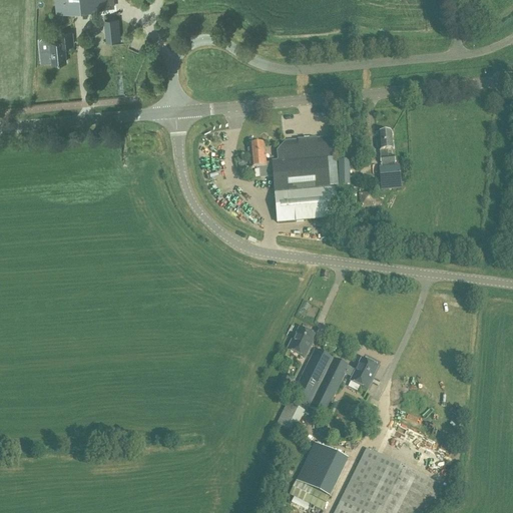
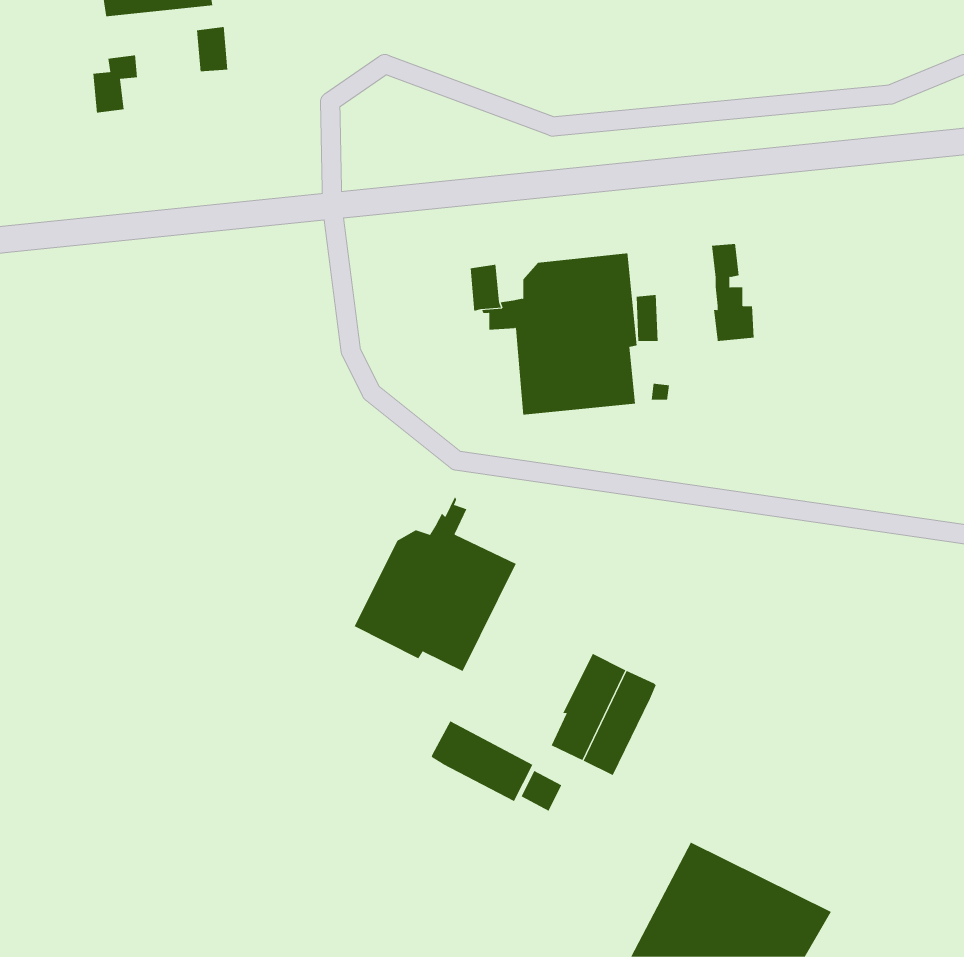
building: none -> [354,496,517,672]
building: [288,326,316,355] -> none
building: [346,356,378,387] -> none
building: none -> [431,720,533,802]
building: [296,442,348,494] -> none

